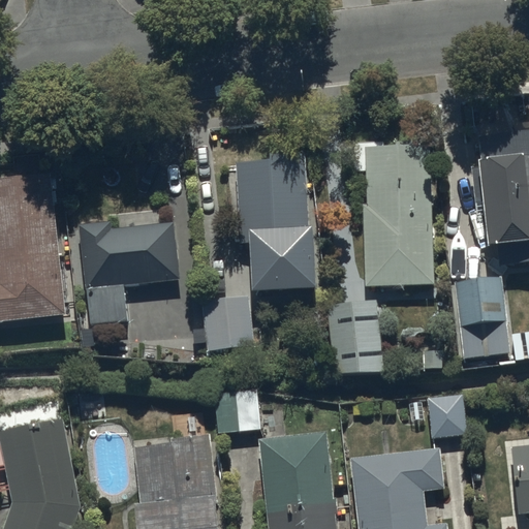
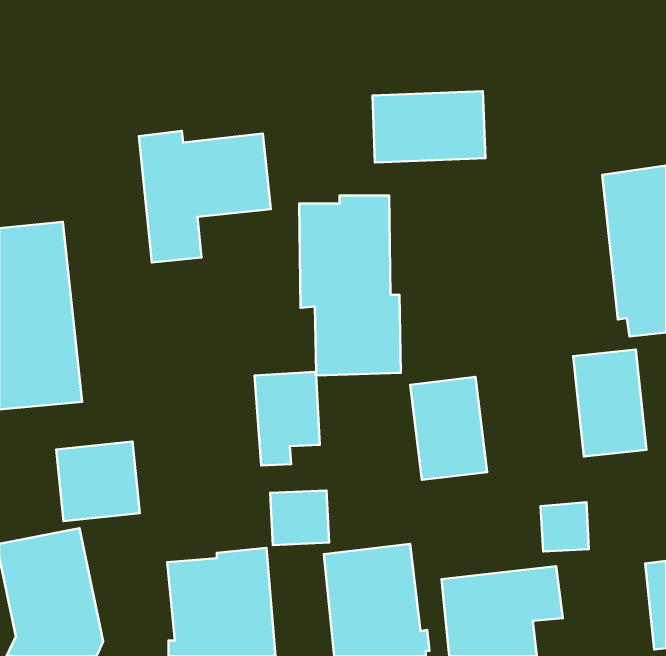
building: none -> [372,91,485,162]
building: [362,142,434,286] -> none
building: [77,220,182,324] -> [139,131,271,263]
building: none -> [56,441,140,521]

